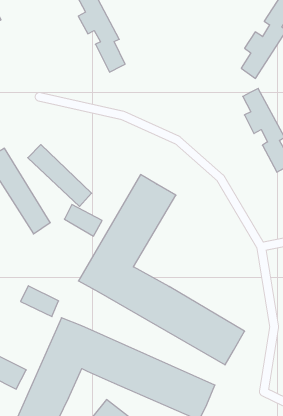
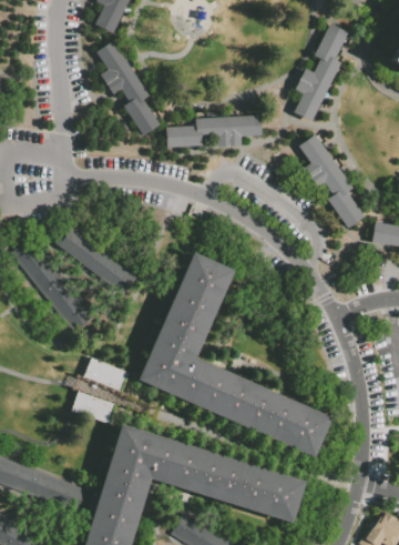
building: none -> [164,115,259,149]
building: [64,205,102,236] -> [83,357,126,391]

